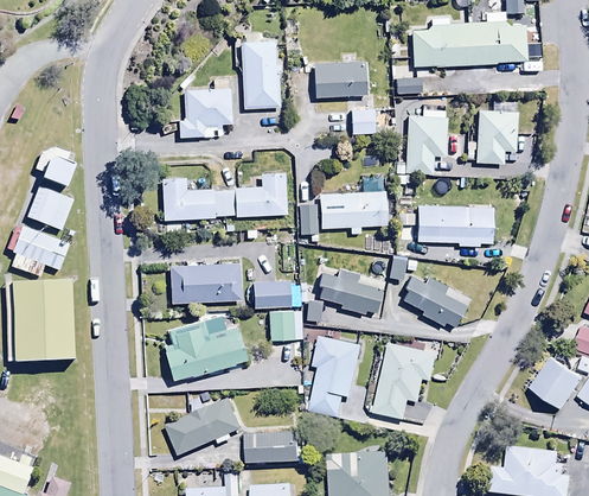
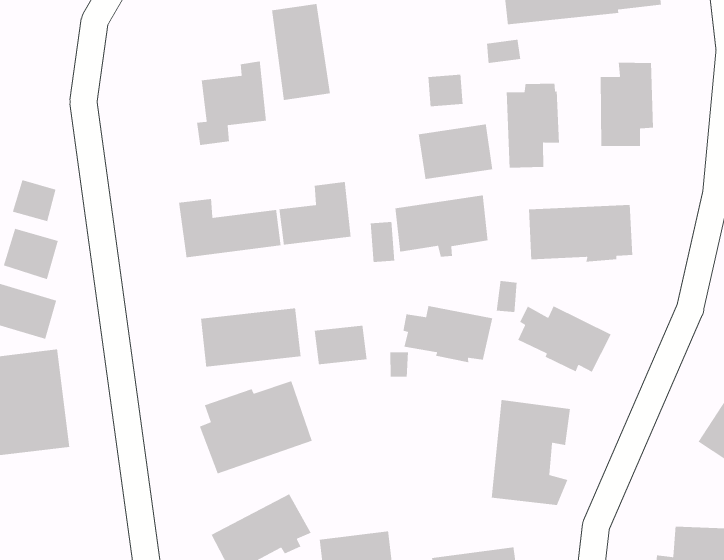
building: [313,50,366,88] -> [418,124,493,180]
building: [269,310,302,341] -> none
building: [308,336,359,418] -> none

